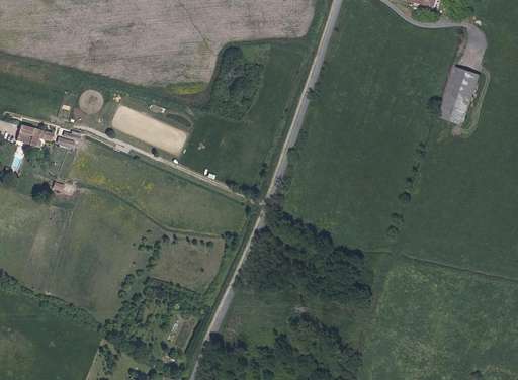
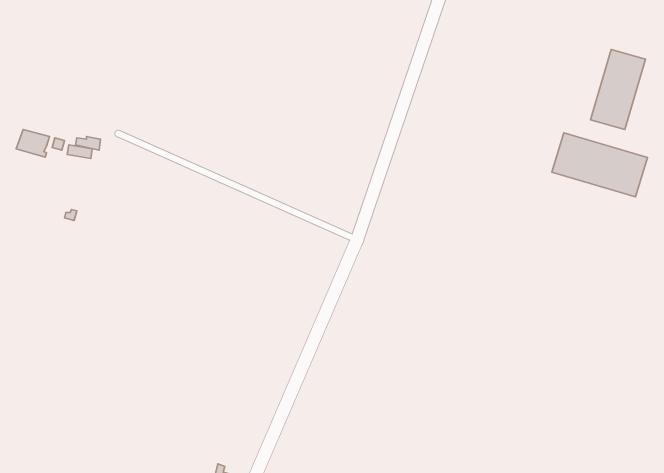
building: none -> [552,133,648,197]

